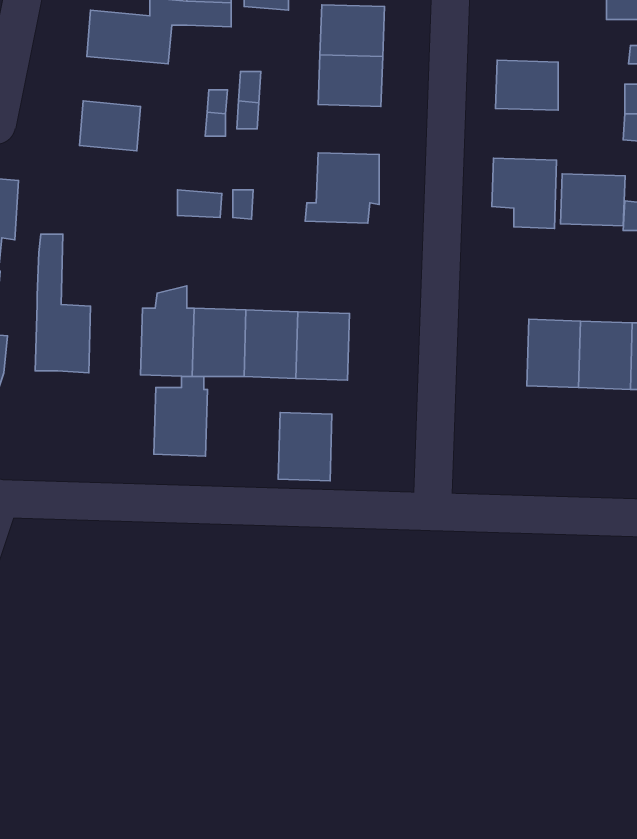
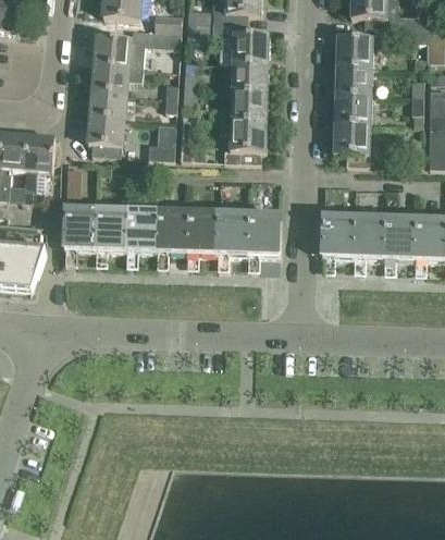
building: none -> [335,35,372,65]
building: none -> [91,62,141,91]
building: none -> [230,90,267,120]
building: none -> [87,114,123,155]
building: [560,174,625,226] -> [333,93,371,123]
building: none -> [321,216,354,256]
building: [154,377,207,456] -> [95,202,126,249]
building: [278,412,332,481] -> [247,213,279,254]

